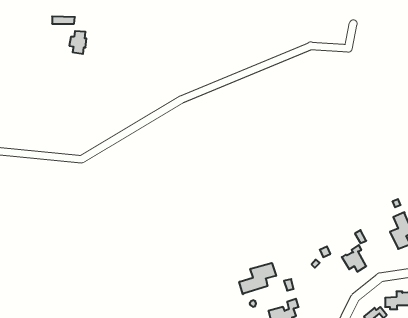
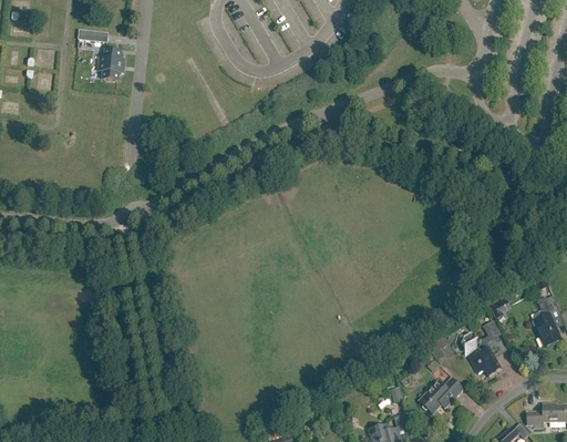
building: [239,263,276,294] -> none
building: none -> [417,377,463,413]

